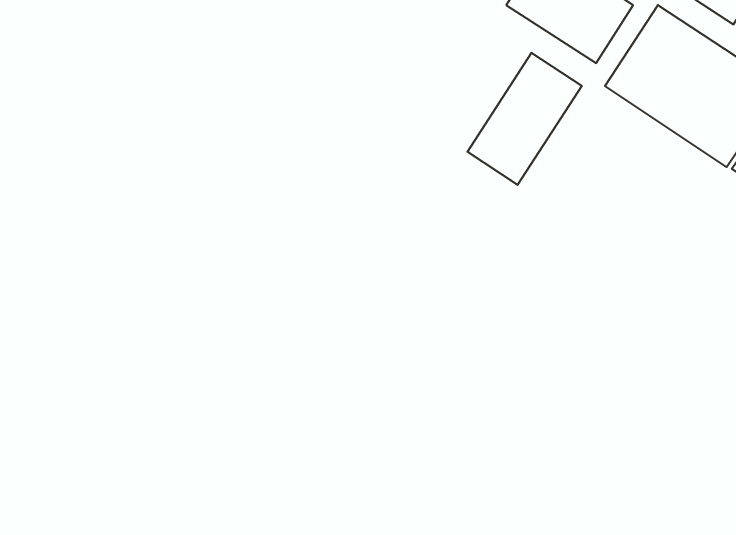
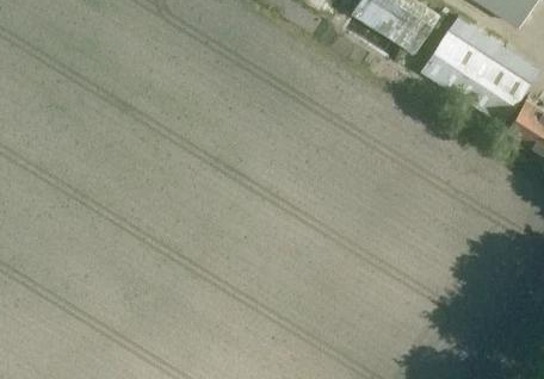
building: [467,53,582,185] -> none

